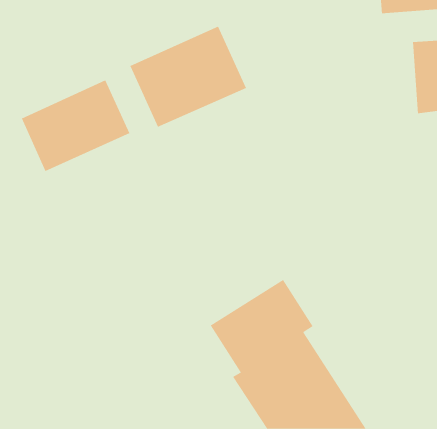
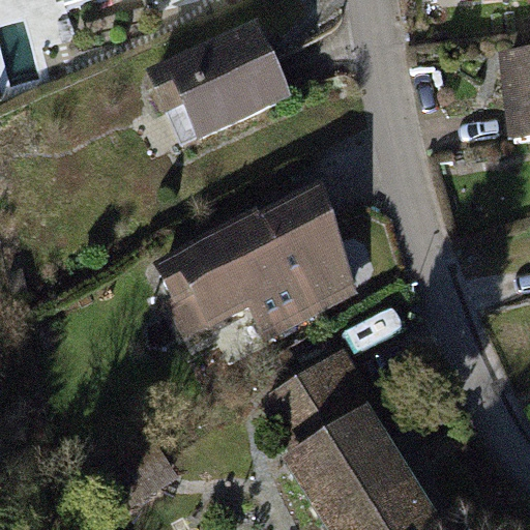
building: [21,79,130,172] -> none
building: none -> [160,175,356,340]

